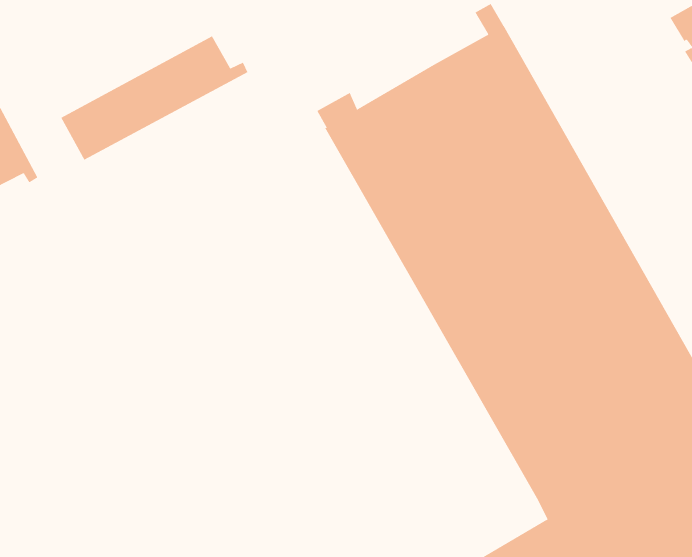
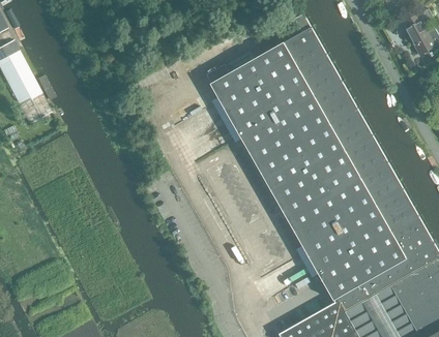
building: [61,36,248,161] -> none

